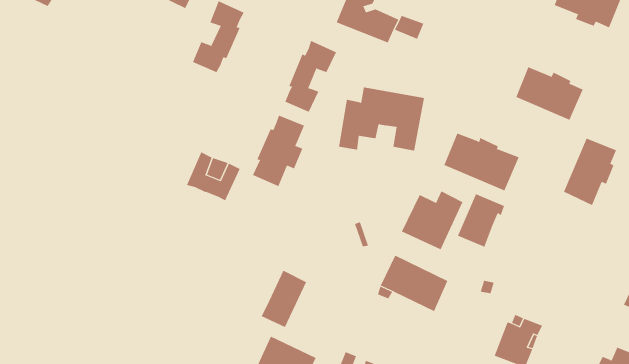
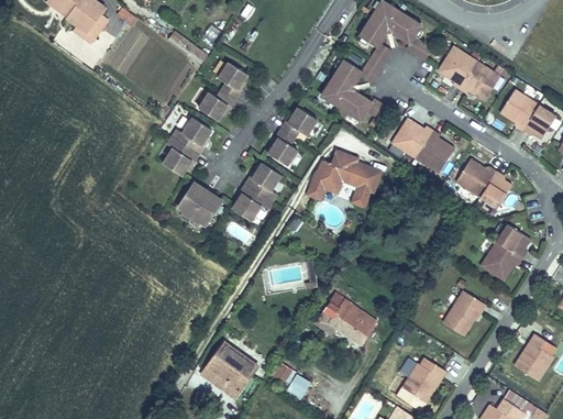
building: none -> [162,118,211,176]
building: [443,133,519,191] -> [391,119,454,173]
building: [401,190,463,250] -> none
building: [457,193,505,247] -> [442,290,485,335]
building: [261,270,307,328] -> none

